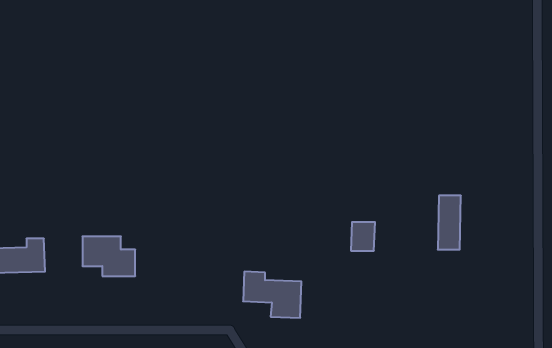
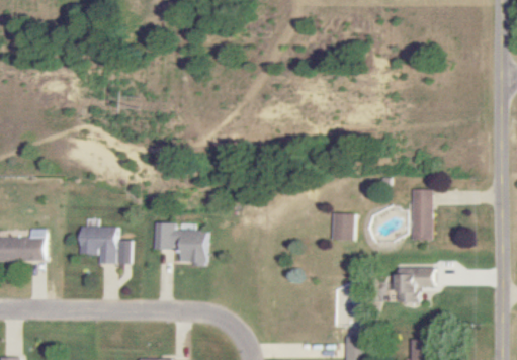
building: [243,272,301,318] -> [155,222,208,265]
building: none -> [397,268,434,302]

